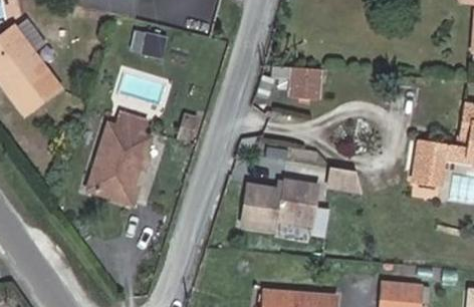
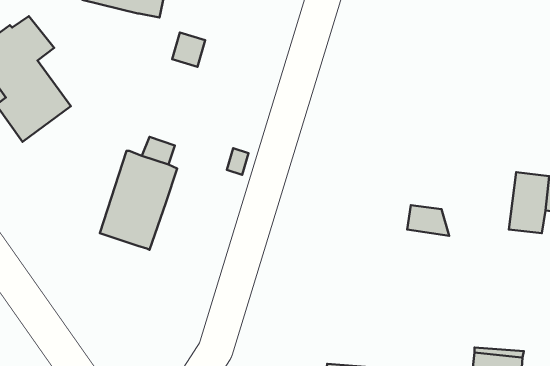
building: [293,68,322,100] -> none
building: [244,180,320,231] -> none

